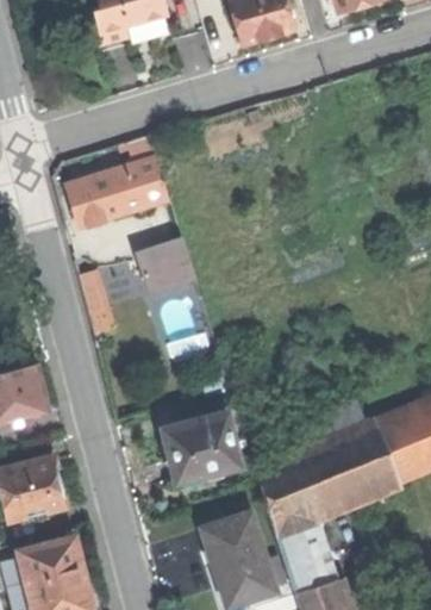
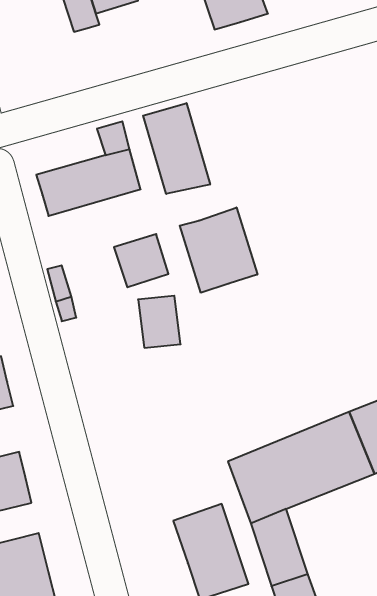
building: none -> [143,103,210,194]
building: none -> [180,207,257,293]
building: [163,411,242,480] -> none

